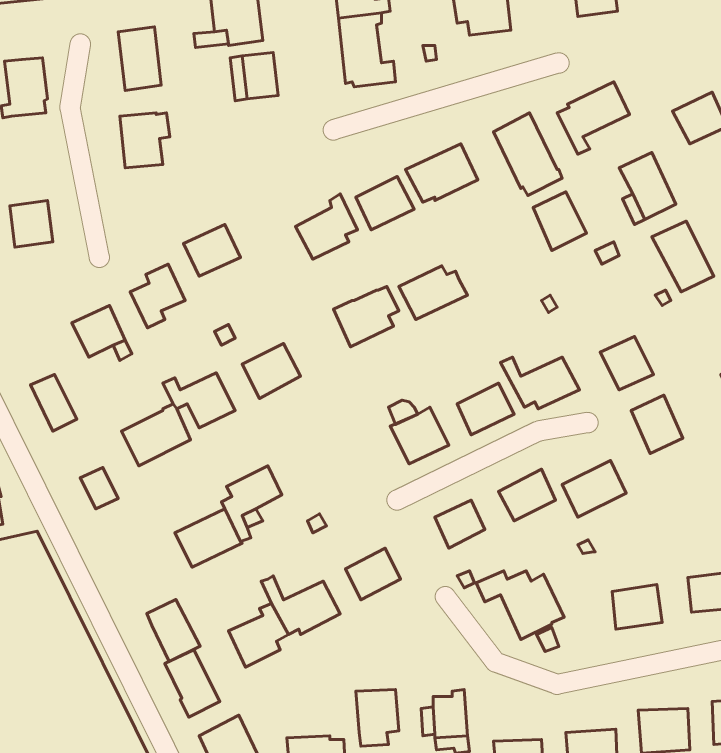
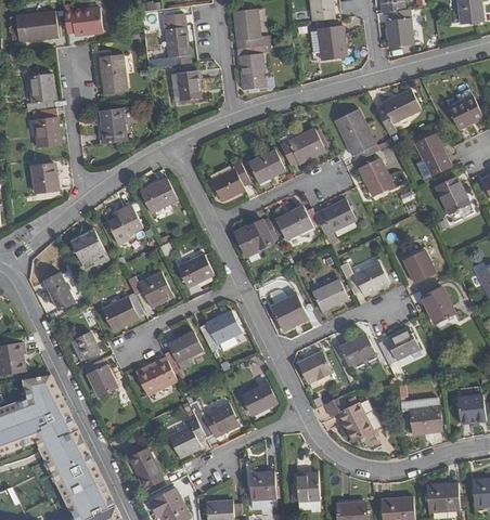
building: none -> [31,108,60,147]
building: none -> [313,198,356,244]
building: none -> [198,310,241,351]
building: [147,600,200,662] -> [83,358,117,396]

